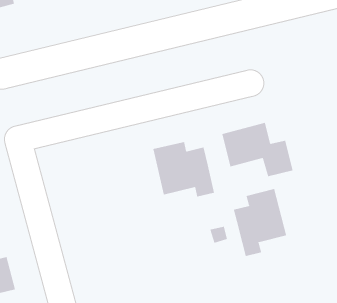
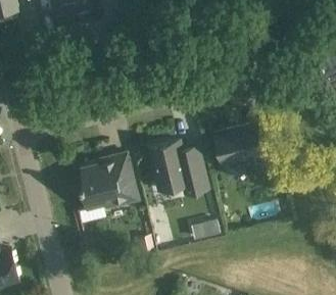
building: none -> [80,152,138,208]
building: [233,188,287,257] -> none

